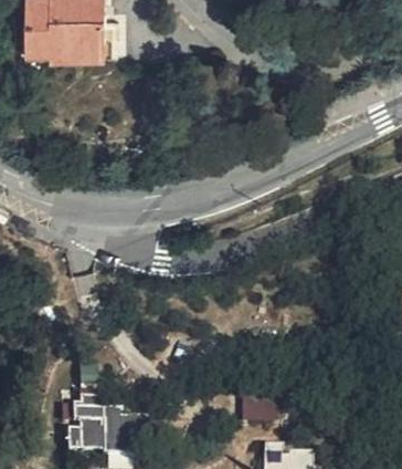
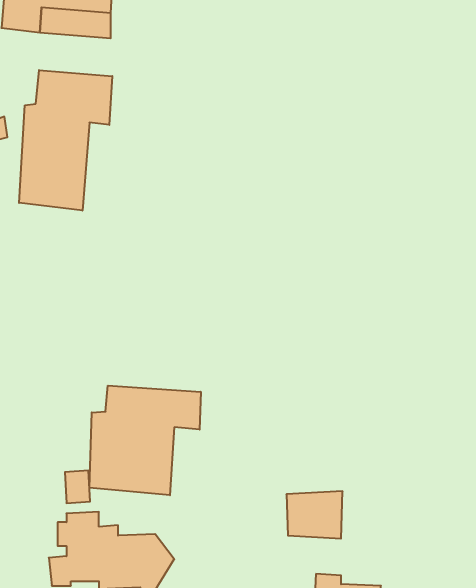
building: none -> [19,70,112,211]
building: none -> [89,386,201,495]

